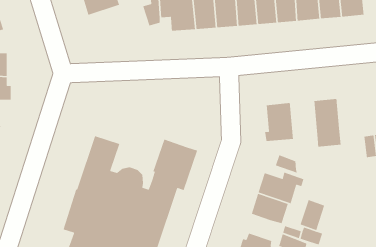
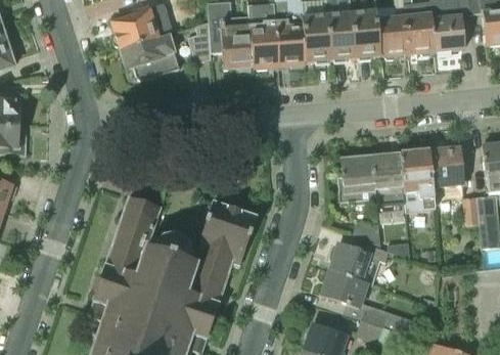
building: none -> [120,33,179,80]
building: none -> [429,147,463,196]
building: none -> [371,153,404,204]
building: [299,199,325,231] -> none

